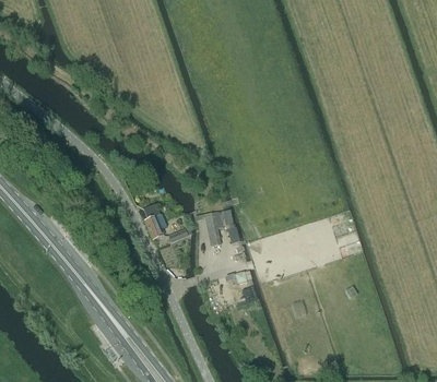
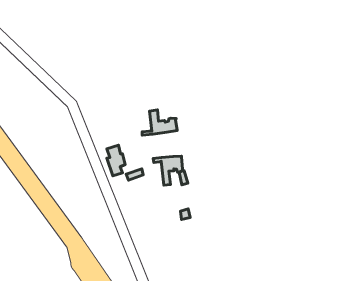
building: none -> [142,110,177,135]

